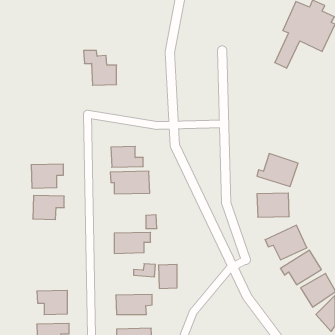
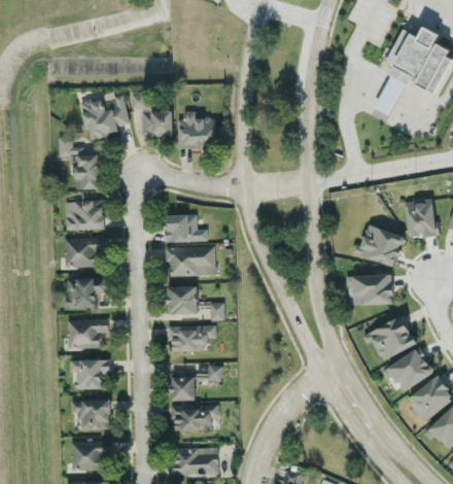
building: none -> [80,97,130,139]
building: none -> [177,111,216,148]
building: none -> [59,137,100,189]
building: none -> [404,198,437,239]
building: none -> [65,201,104,231]
building: none -> [167,286,198,315]
building: none -> [67,319,108,349]
building: none -> [70,359,109,389]
building: [158,264,177,288] -> [171,371,195,402]

